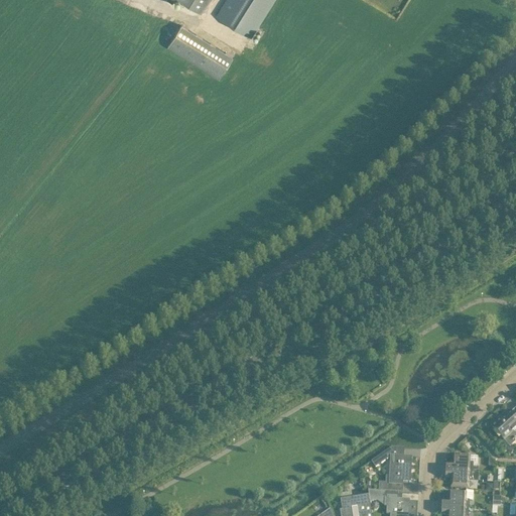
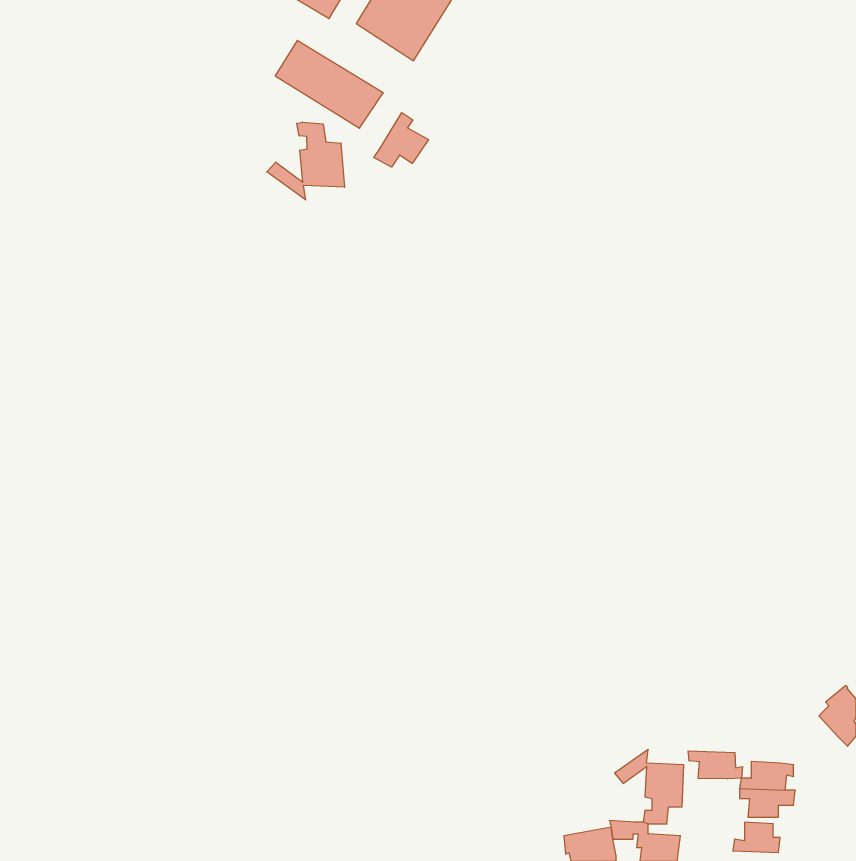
building: none -> [374,113,429,167]
building: none -> [267,122,345,200]
building: none -> [688,751,742,779]

